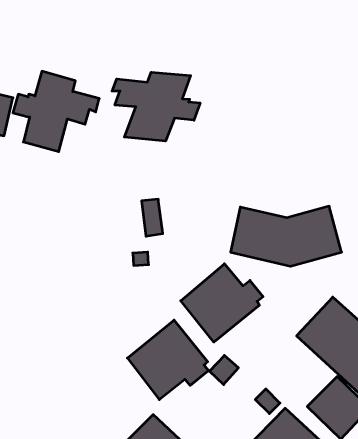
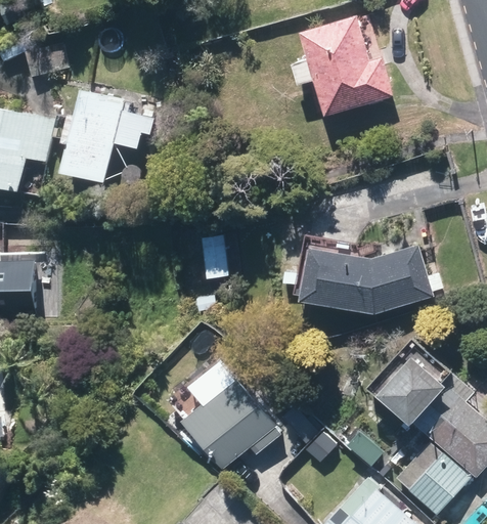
building: none -> [291,18,391,118]
building: [112,72,200,141] -> none
building: [181,264,263,342] -> none

